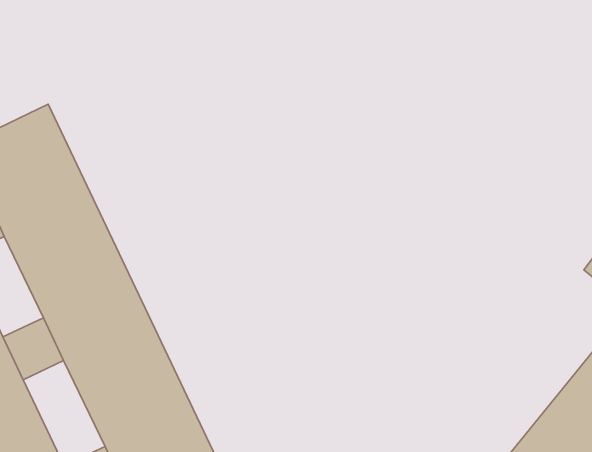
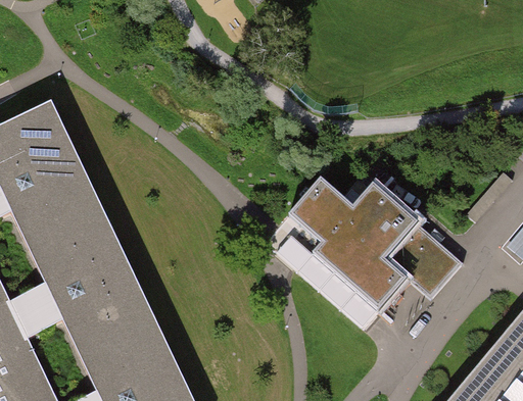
building: none -> [267,182,455,329]

